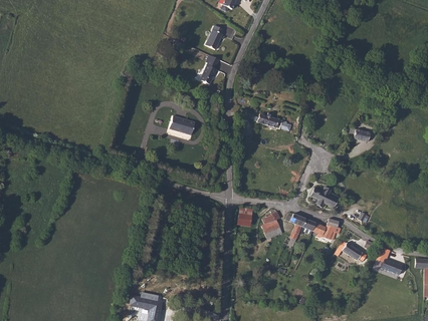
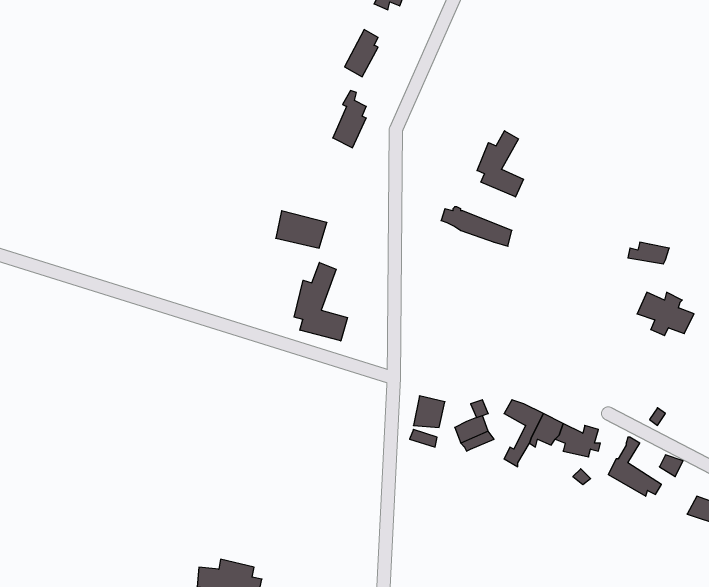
building: none -> [477,131,524,197]
building: none -> [294,262,348,341]
building: [307,187,337,209] -> [637,292,694,336]

